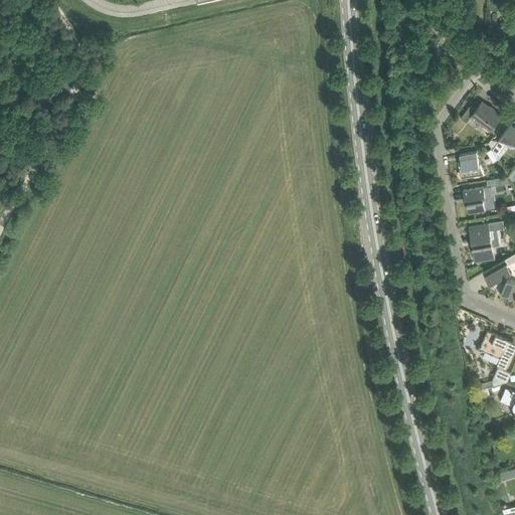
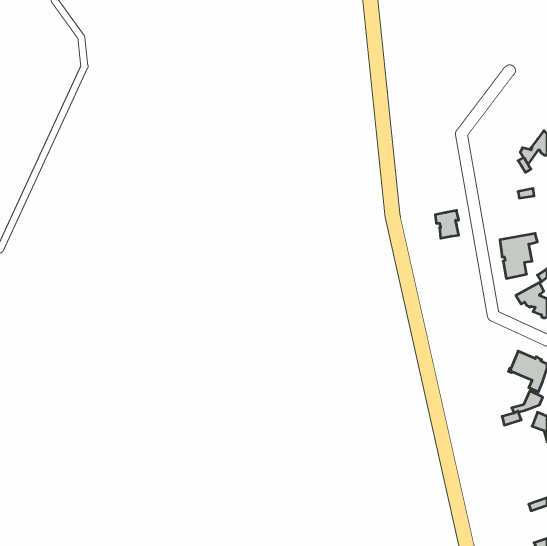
building: [461,103,501,131] -> none
building: [459,152,485,179] -> none
building: [464,187,486,213] -> [435,210,459,238]

